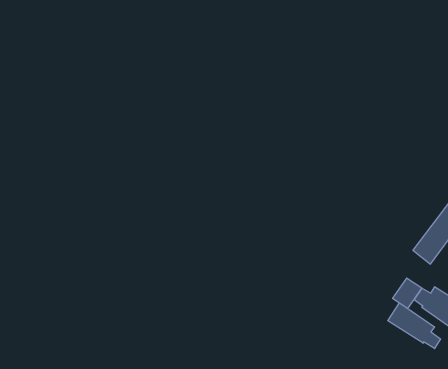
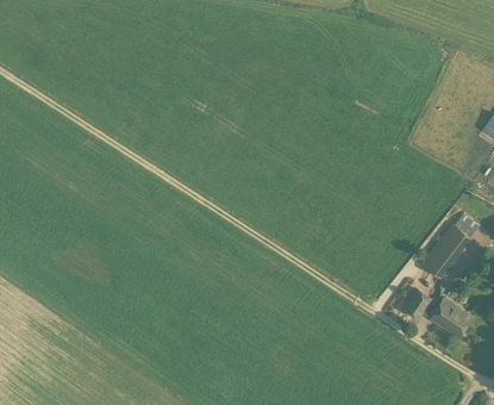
building: [388,303,441,349] -> none

